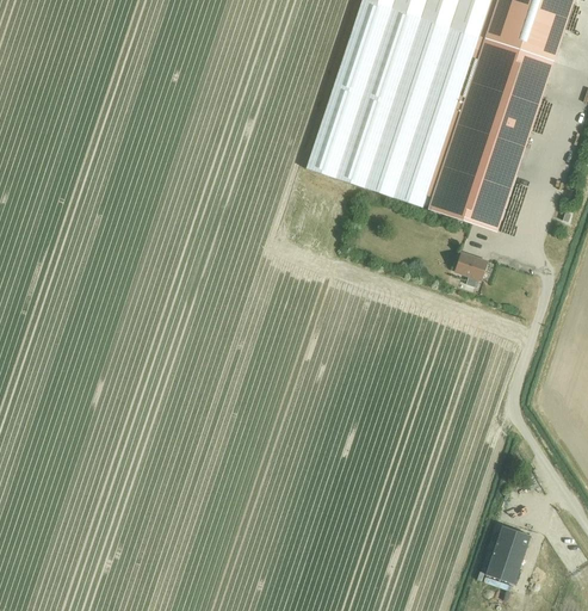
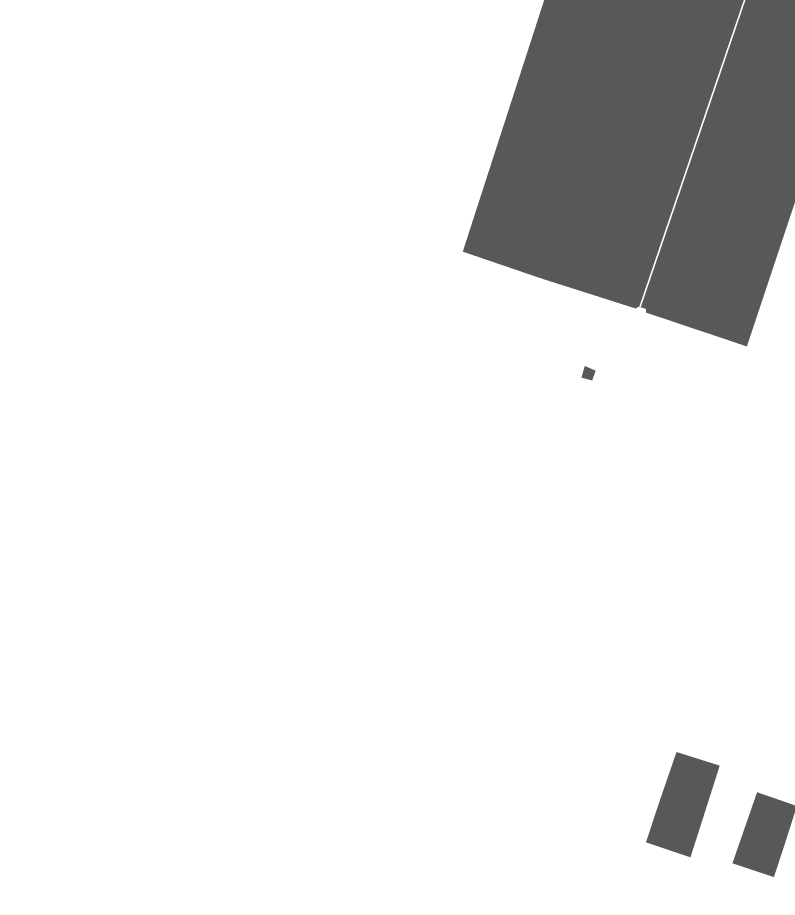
building: [456,252,487,278] -> none
building: none -> [645,751,720,858]

